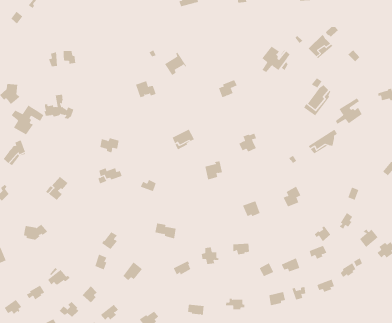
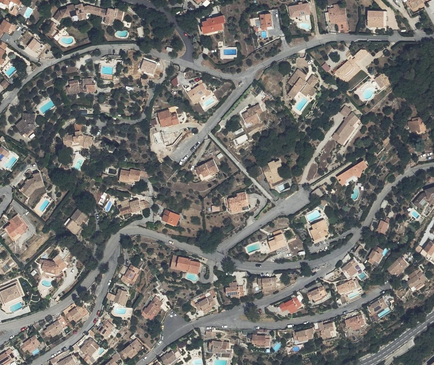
building: [335,97,363,125] -> none
building: [11,104,44,135] -> none

